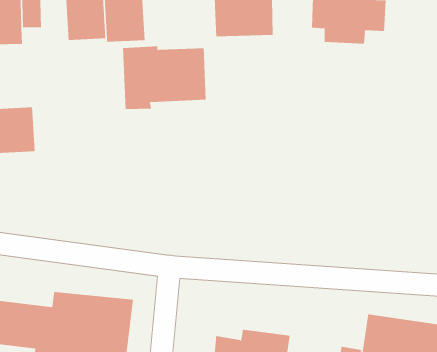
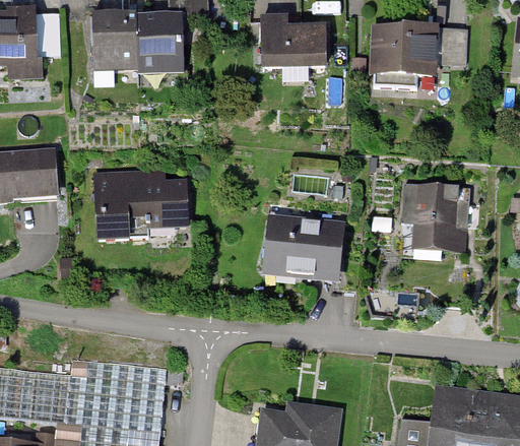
building: [122,46,206,110] -> [95,168,191,240]
building: none -> [402,182,472,249]
building: none -> [261,211,343,283]

